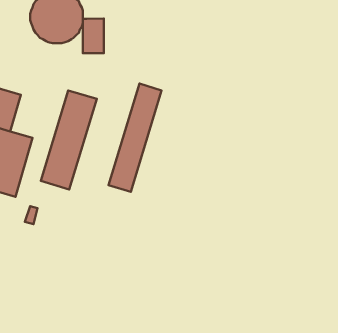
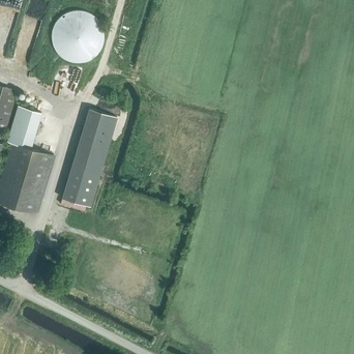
building: [83,19,104,53] -> none
building: [109,84,162,192] -> none

